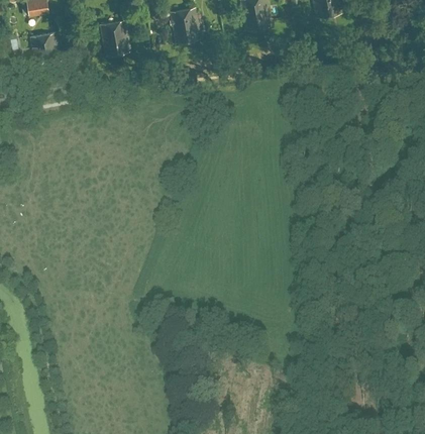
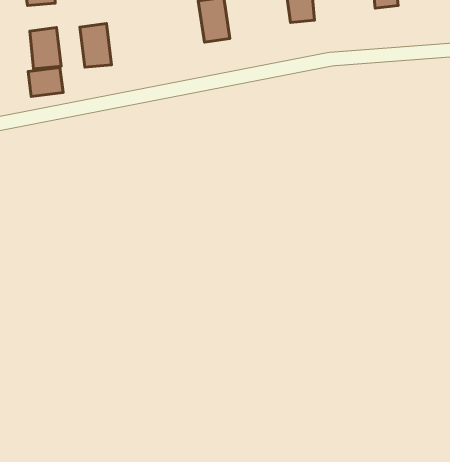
building: [103,19,129,56] -> [80,23,112,67]
building: none -> [28,68,63,97]

